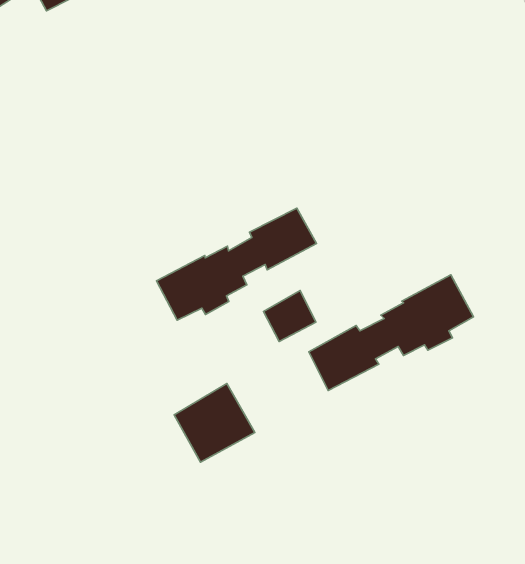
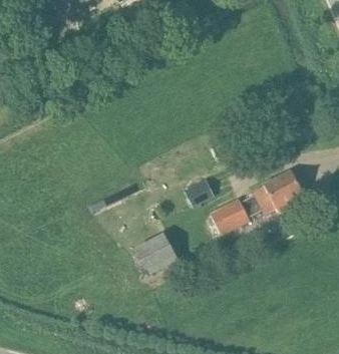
building: [157,208,316,320] -> none

